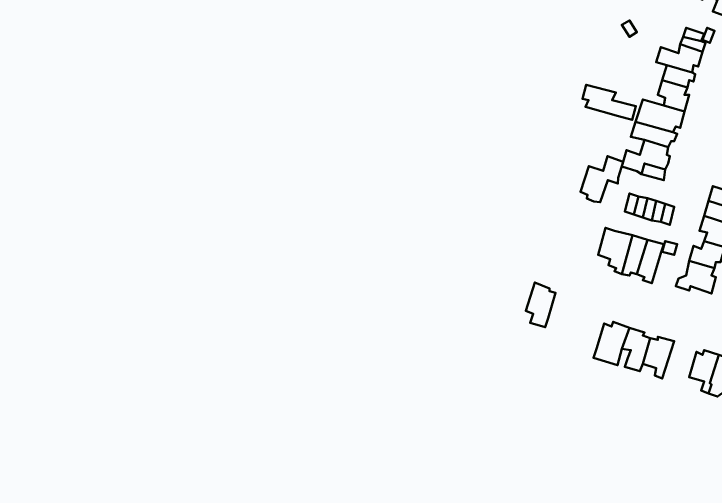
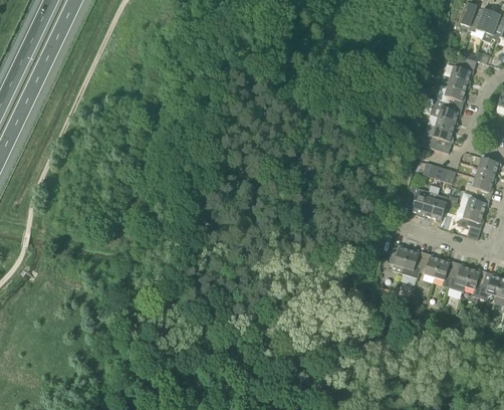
building: [582,85,636,120] -> none
building: [581,156,623,202] -> none
building: [526,282,556,327] -> [389,242,409,272]
building: none -> [448,261,471,291]

